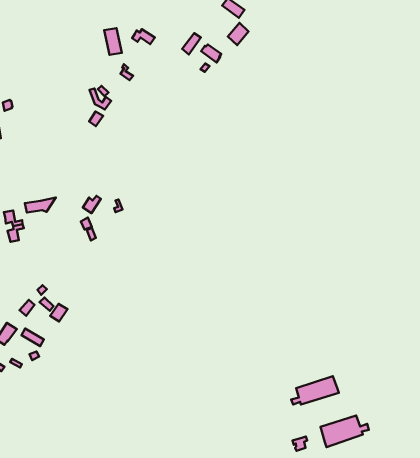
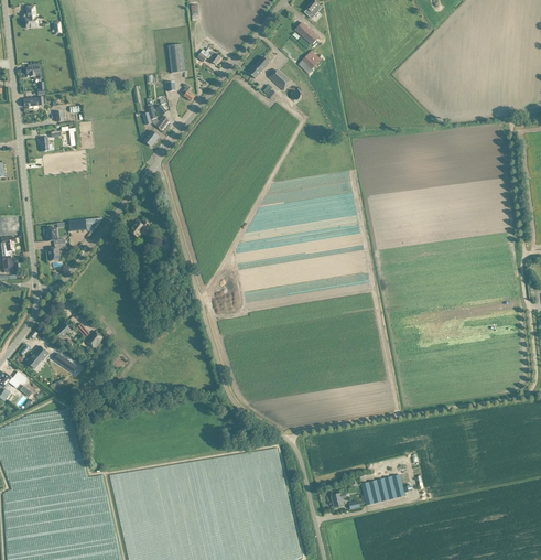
building: [291,376,339,404] -> none

